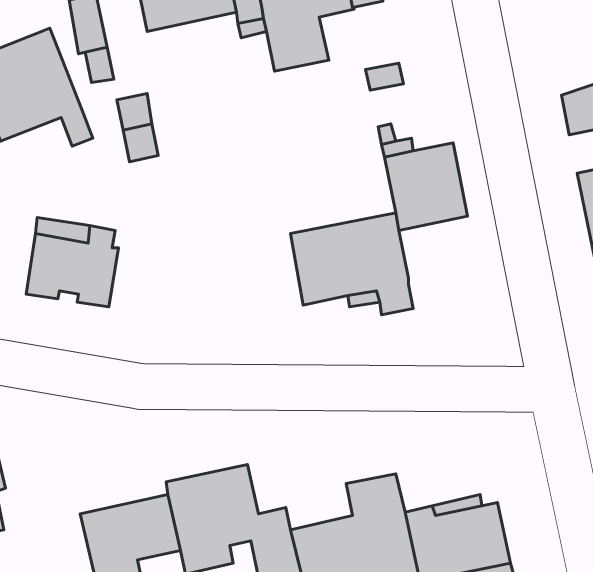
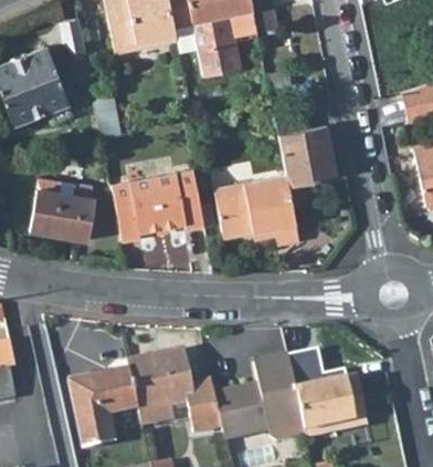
building: none -> [112,168,205,241]

